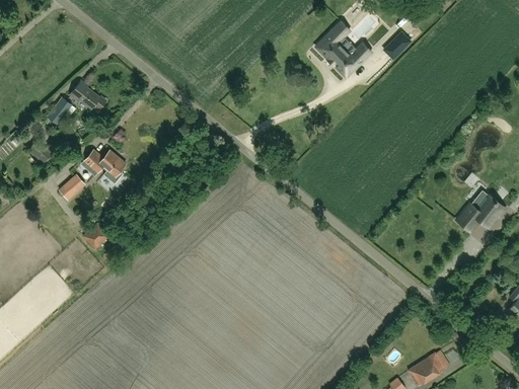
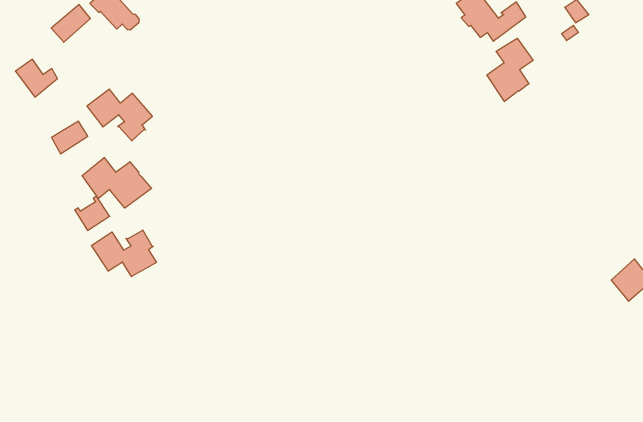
building: none -> [487,38,533,102]
building: none -> [82,158,152,208]
building: none -> [91,230,156,277]

